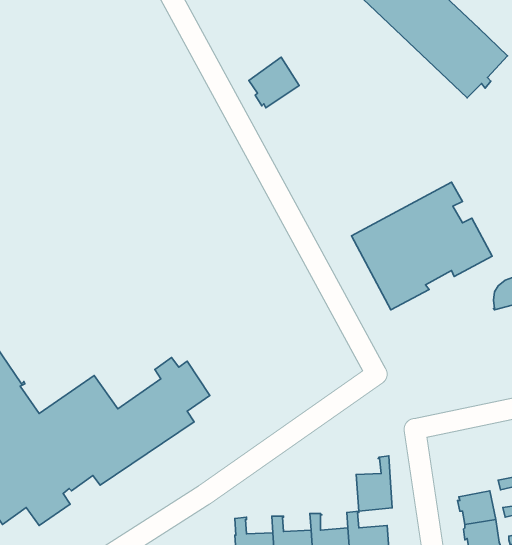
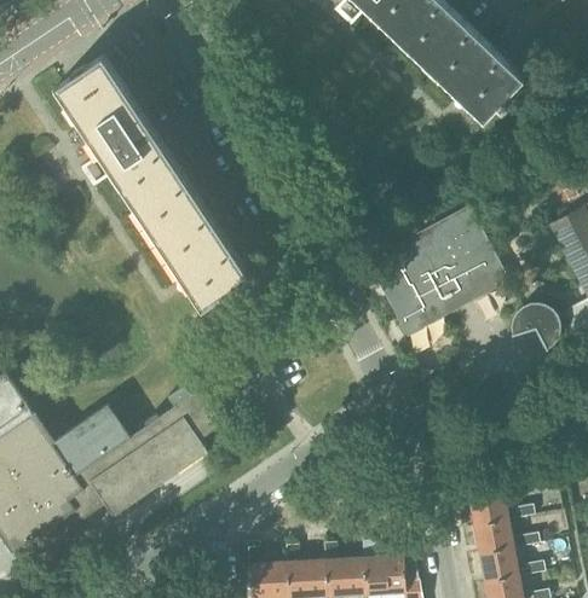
building: none -> [53,57,250,310]
building: [249,57,299,108] -> none
building: [356,456,392,511] -> none
building: none -> [468,493,506,528]

